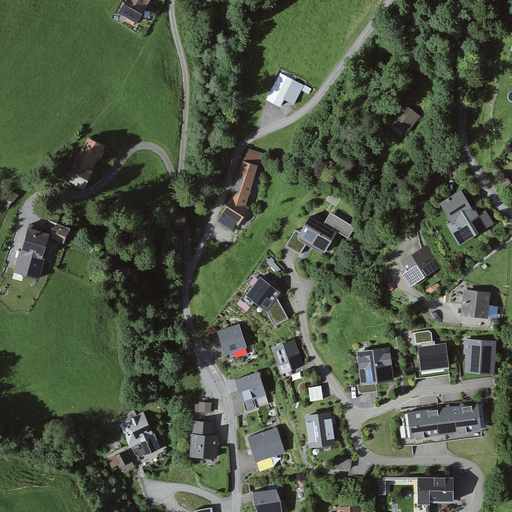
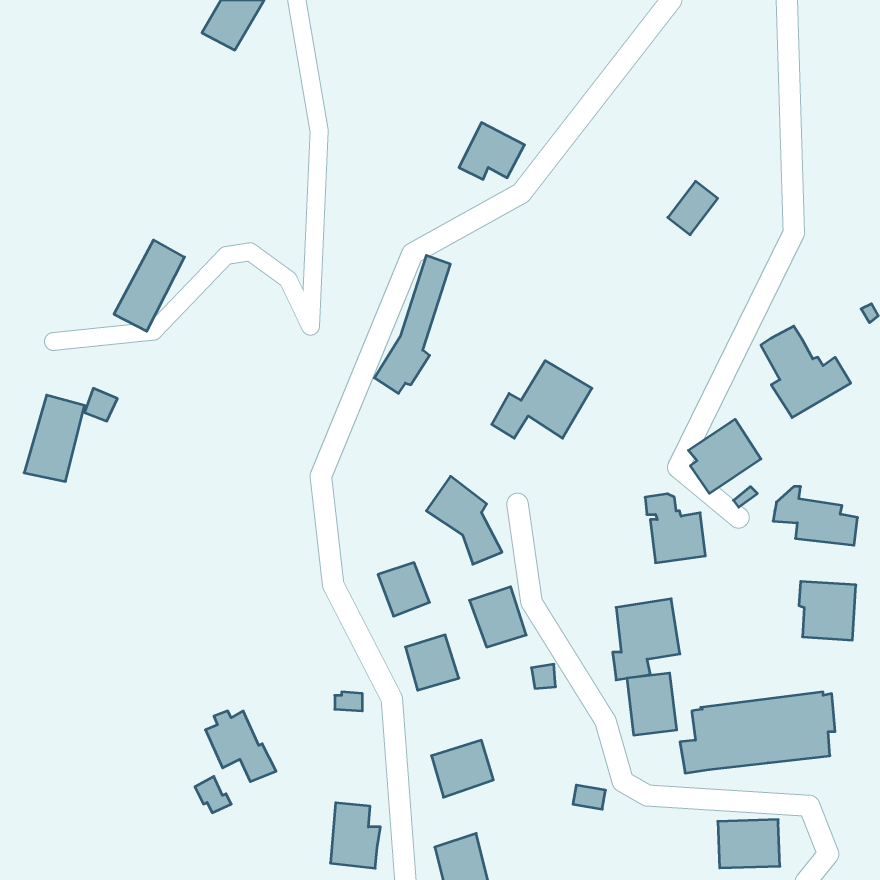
building: [414,331,449,371] -> [645,494,705,563]
building: [304,411,333,447] -> [627,673,677,735]
building: [189,420,218,458] -> [330,803,380,868]

